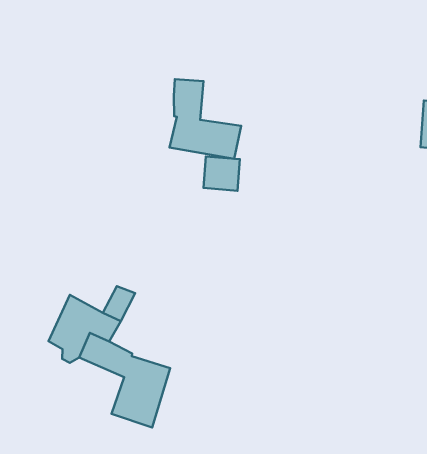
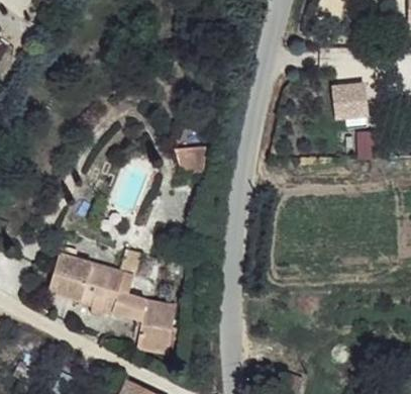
building: [169,79,241,159] -> none
building: none -> [50,250,94,303]

